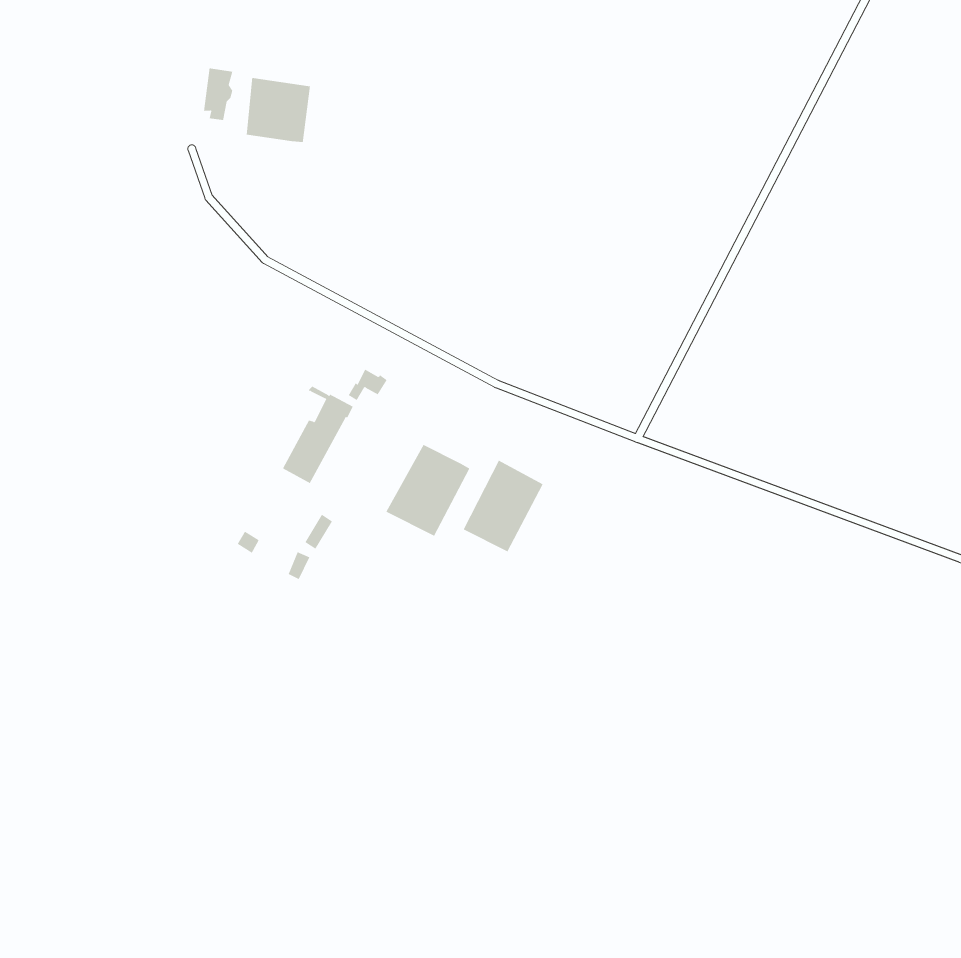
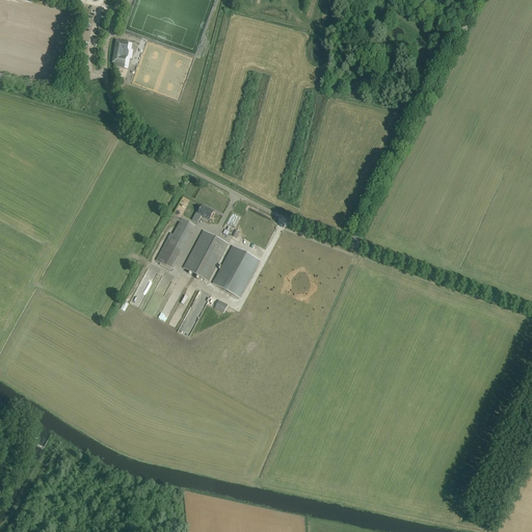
building: [246,77,311,143] -> none
building: [463,460,544,552] -> [184,229,229,280]

